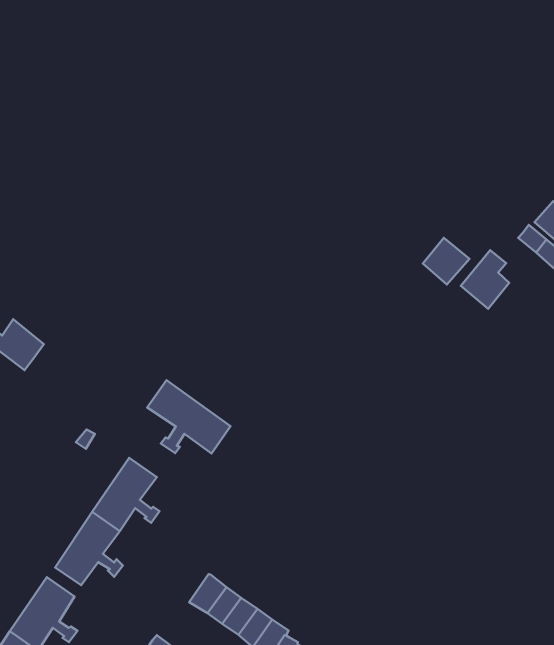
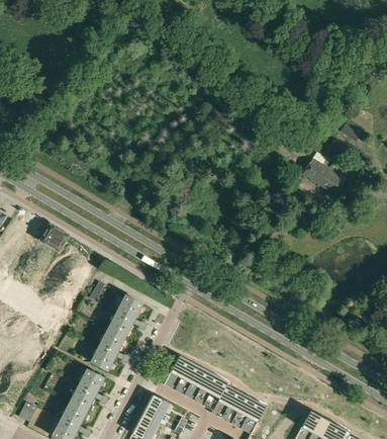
building: [423,238,470,284] -> [318,168,345,194]
building: [147,380,231,454] -> none

